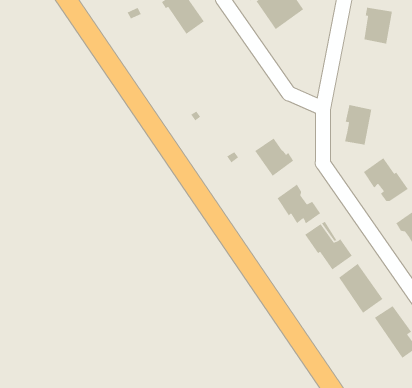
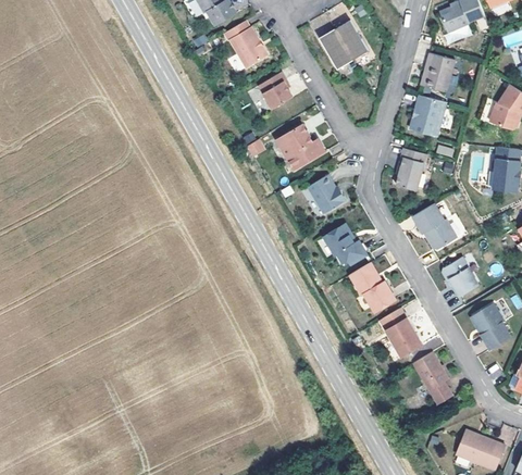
building: none -> [258,72,291,109]
building: none -> [410,95,446,136]
building: none -> [275,125,323,170]

